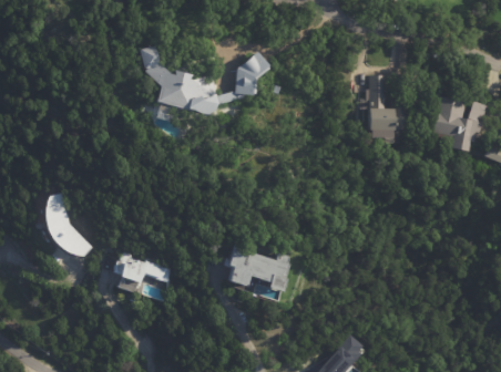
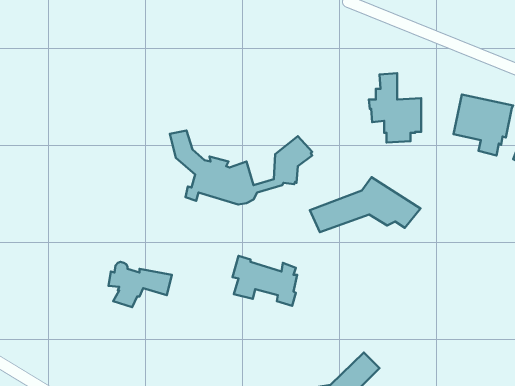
building: [140,45,272,114] -> [170,130,312,204]
building: none -> [310,177,420,232]
building: [47,196,92,259] -> none

